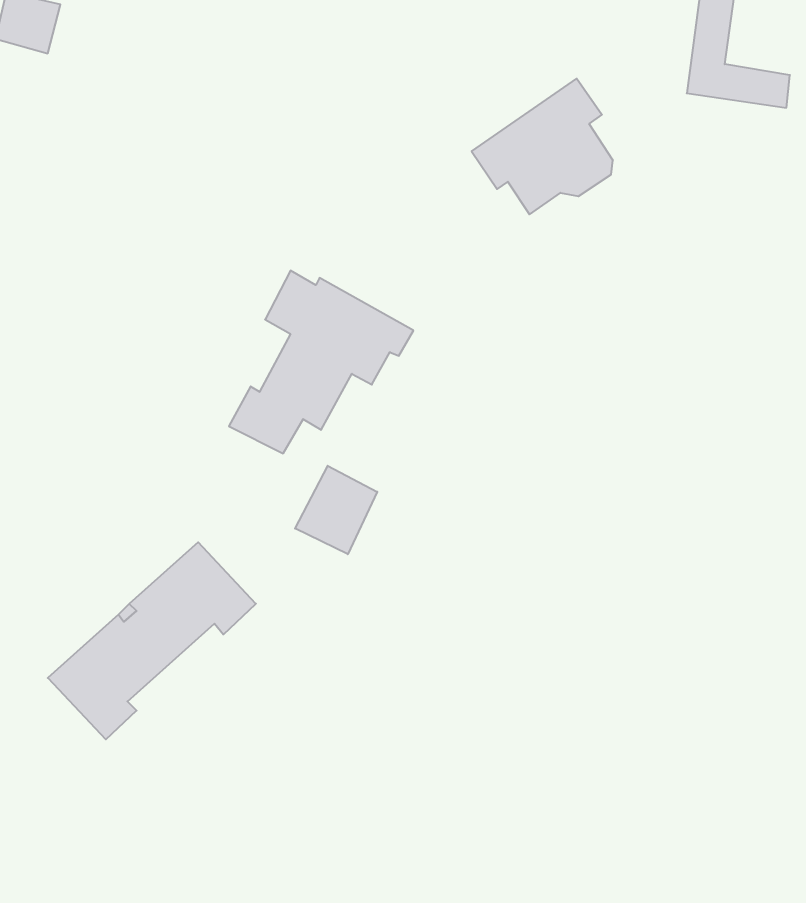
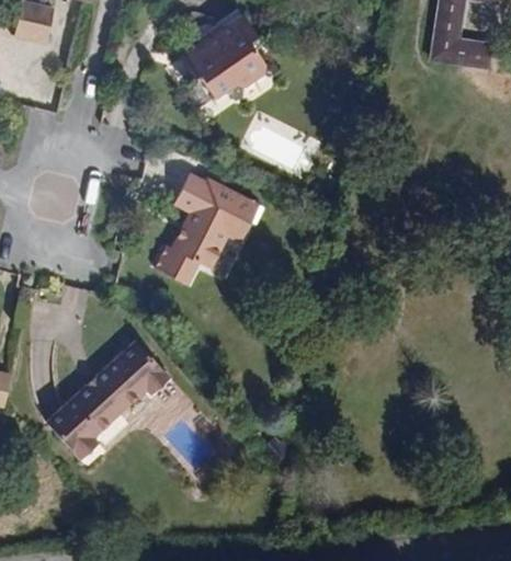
building: [472,79,613,214] -> [178,15,263,98]
building: [295,466,377,554] -> none

